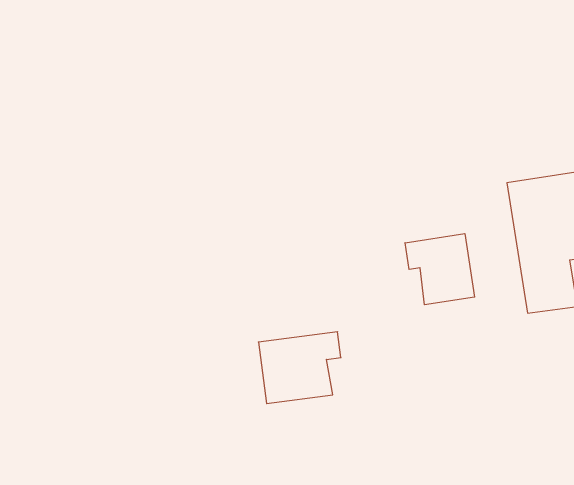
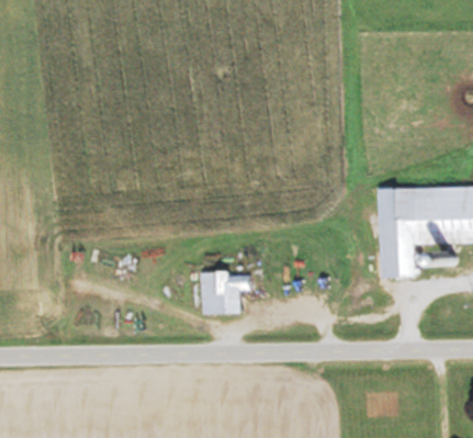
building: [405,234,475,305] -> none

